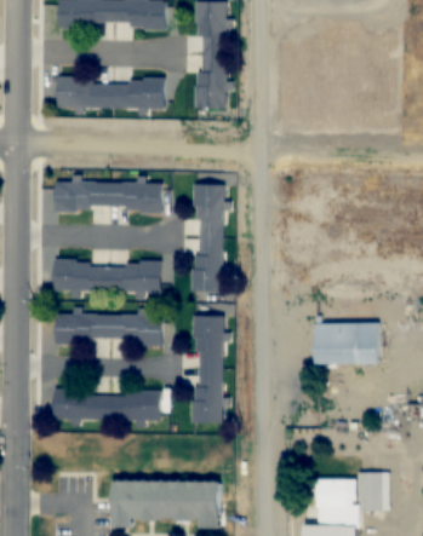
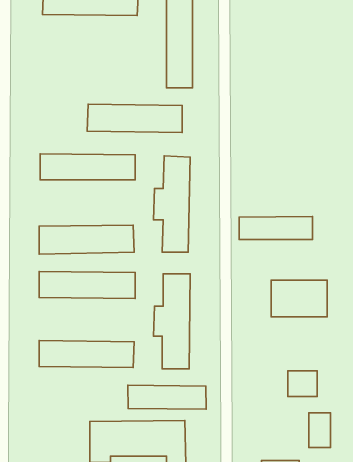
building: [57,77,164,109] -> [87,104,182,132]
building: none -> [239,216,313,240]
building: none -> [128,385,206,409]
building: [315,479,348,508] -> [288,371,317,397]

